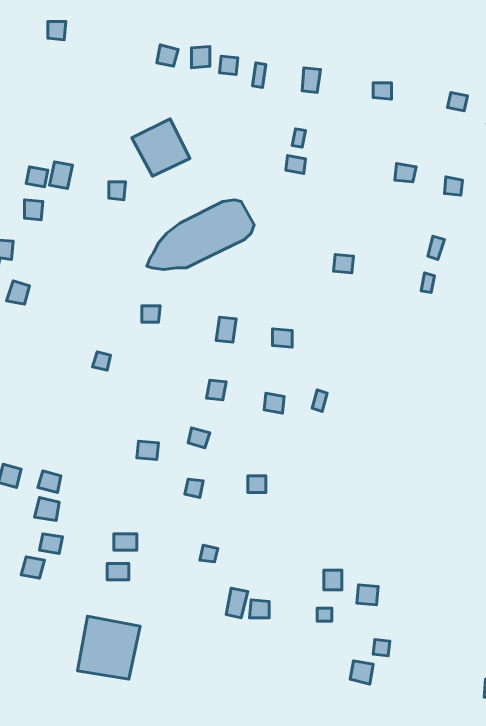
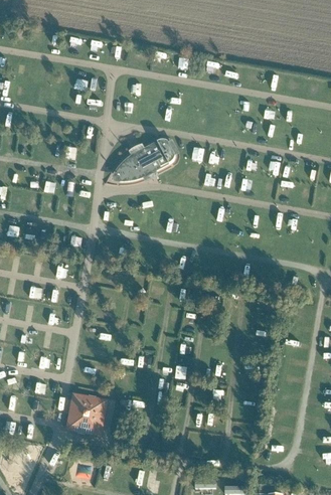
building: [132,119,190,176] -> none

